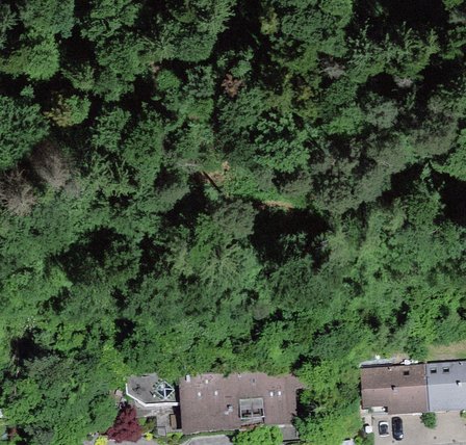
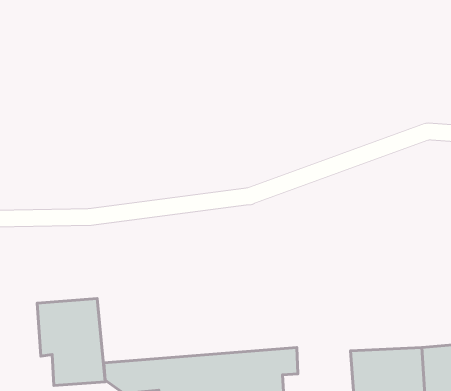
building: none -> [37,298,105,385]

